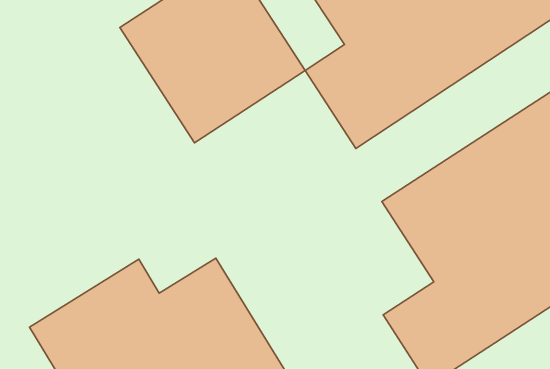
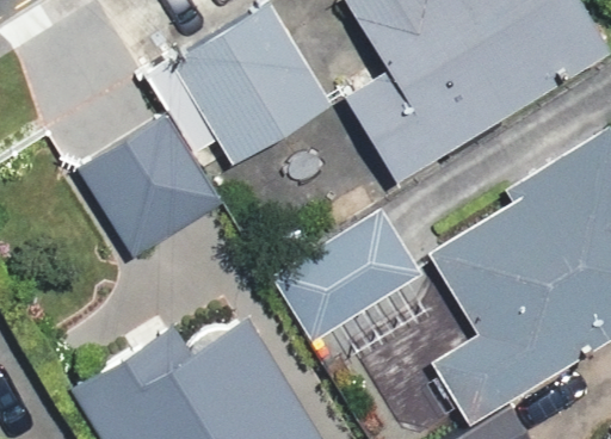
building: none -> [70,111,227,268]
building: none -> [261,205,422,350]

